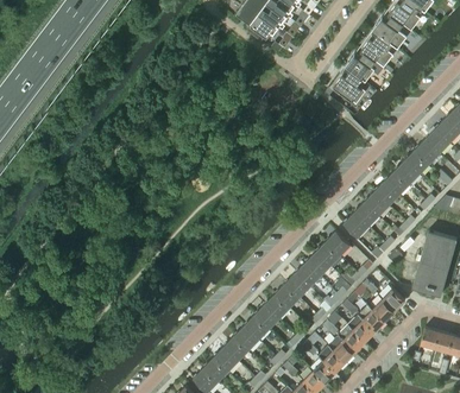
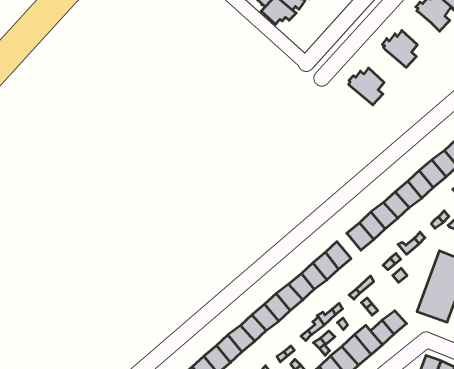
building: [372,17,405,50] -> none
building: [345,53,376,83] -> none

